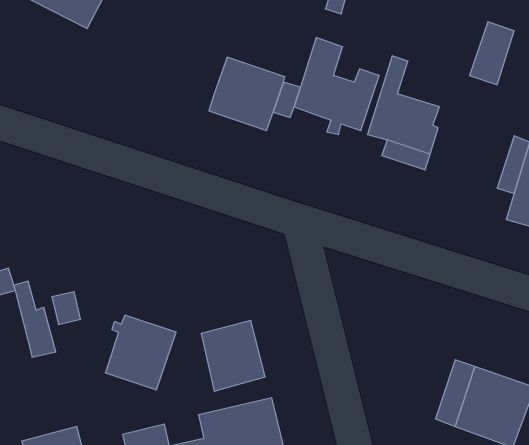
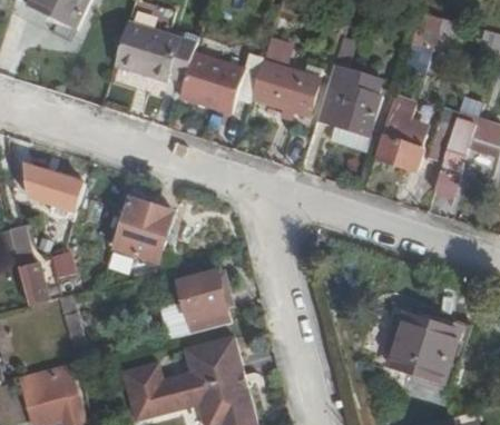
building: none -> [116,22,199,82]
building: none -> [373,101,425,170]
building: none -> [41,170,90,219]
building: [105,315,176,390] -> [115,199,175,263]

